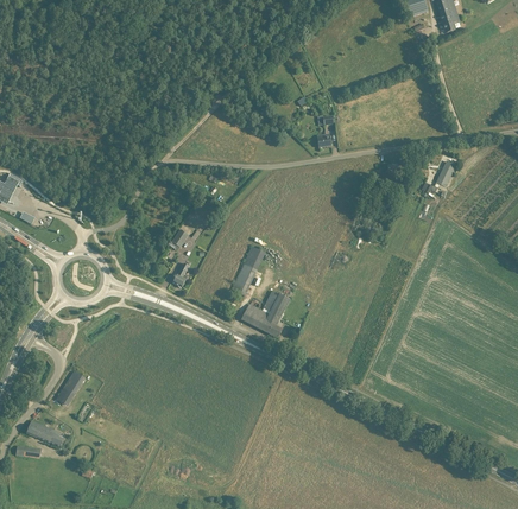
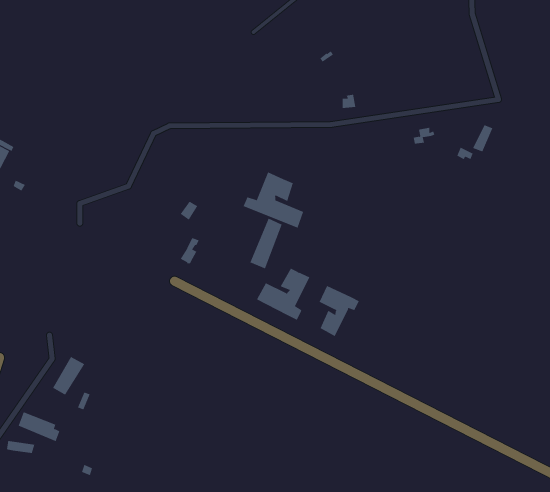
building: none -> [243,172,304,229]
building: none -> [319,285,360,337]

